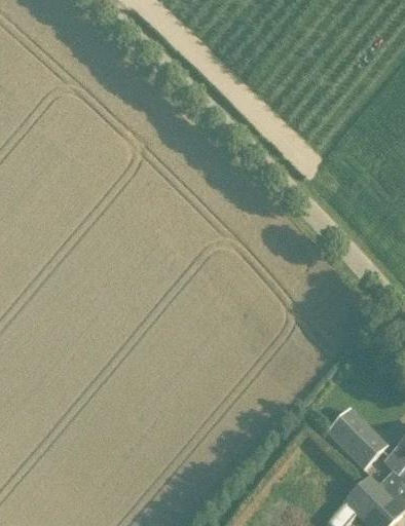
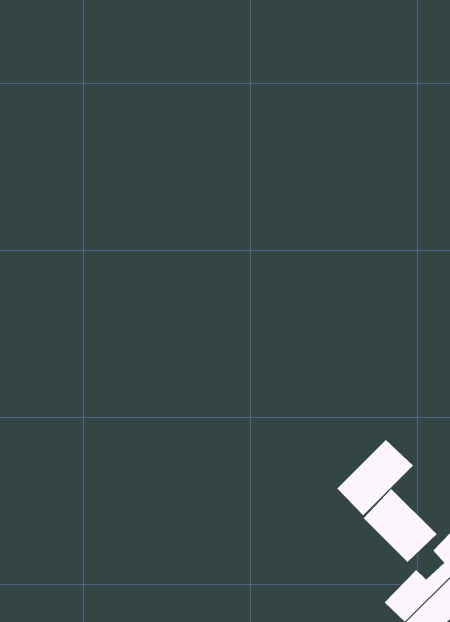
building: none -> [337,439,414,516]

